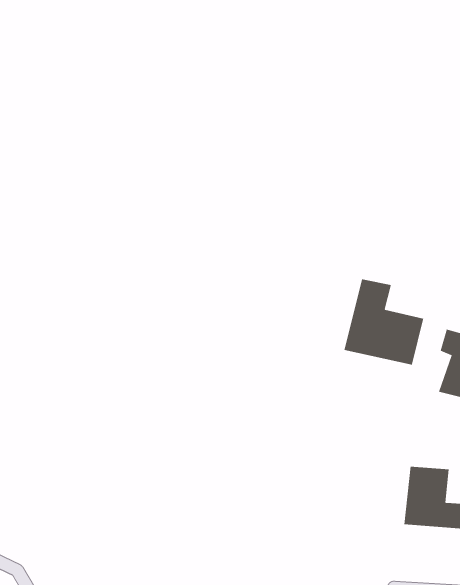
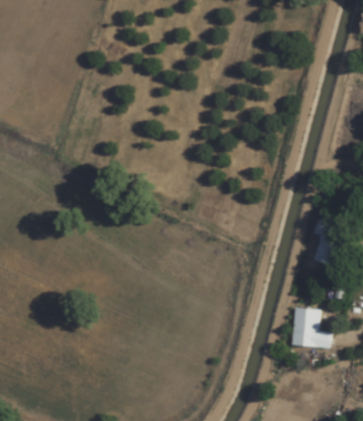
building: [344,278,424,365] -> none

